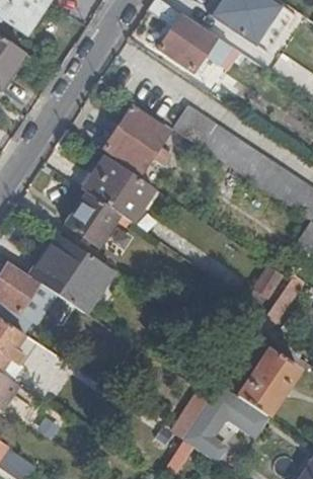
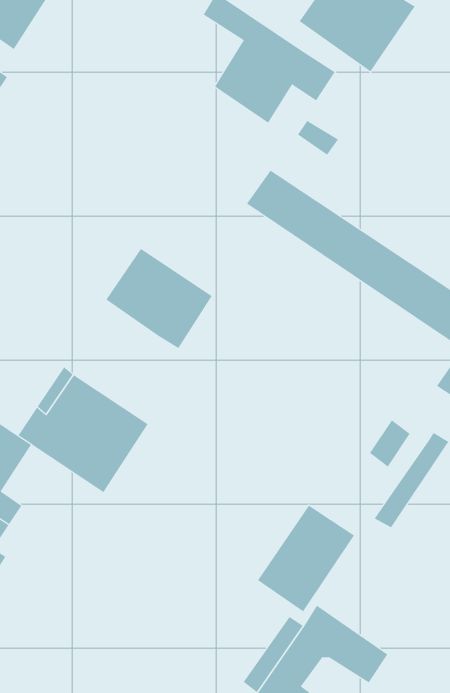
building: [104,106,170,172] -> none
building: [65,190,120,246] -> none
building: [236,347,298,415] -> [257,505,355,612]

